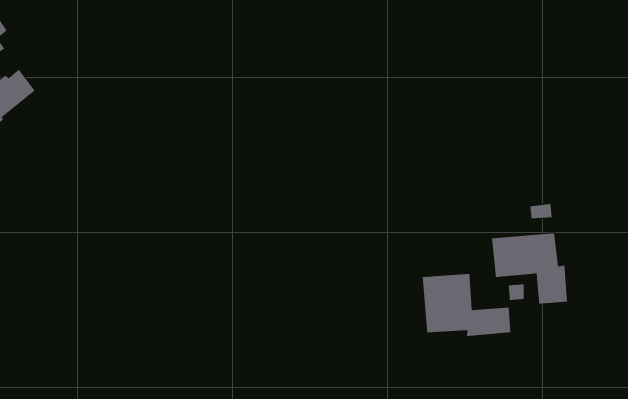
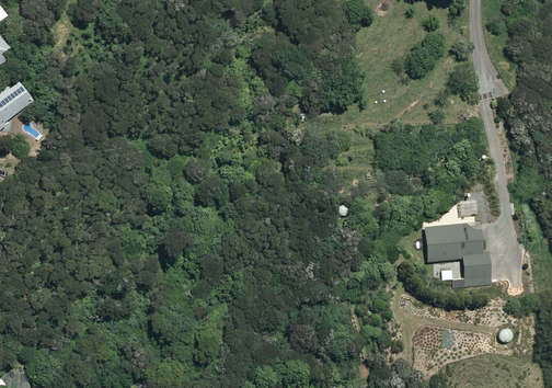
building: [422,273,511,337] -> none

